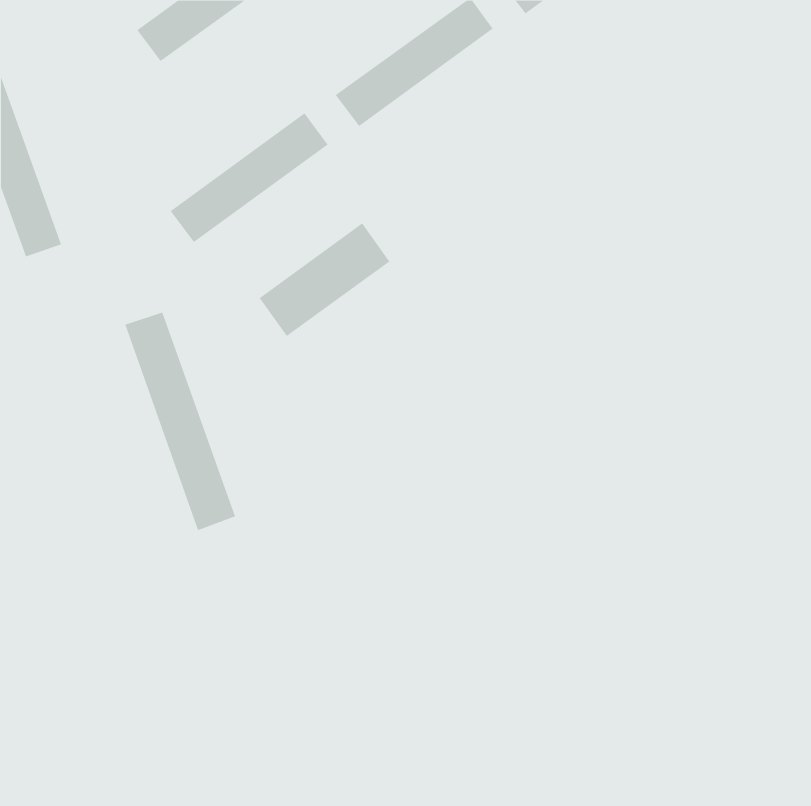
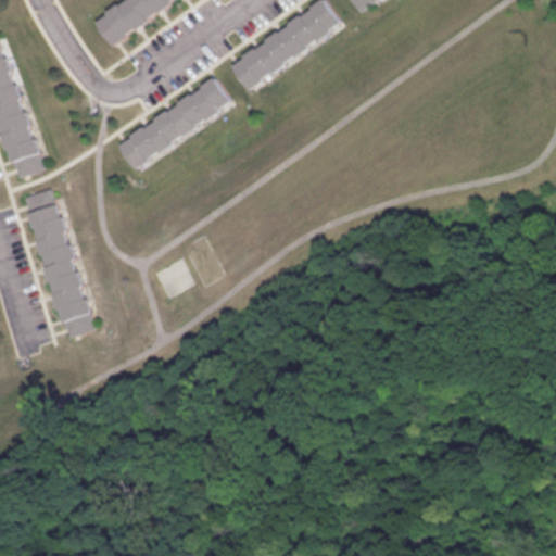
building: [259,222,390,337] -> none
building: [125,312,236,531] -> [24,190,100,340]

